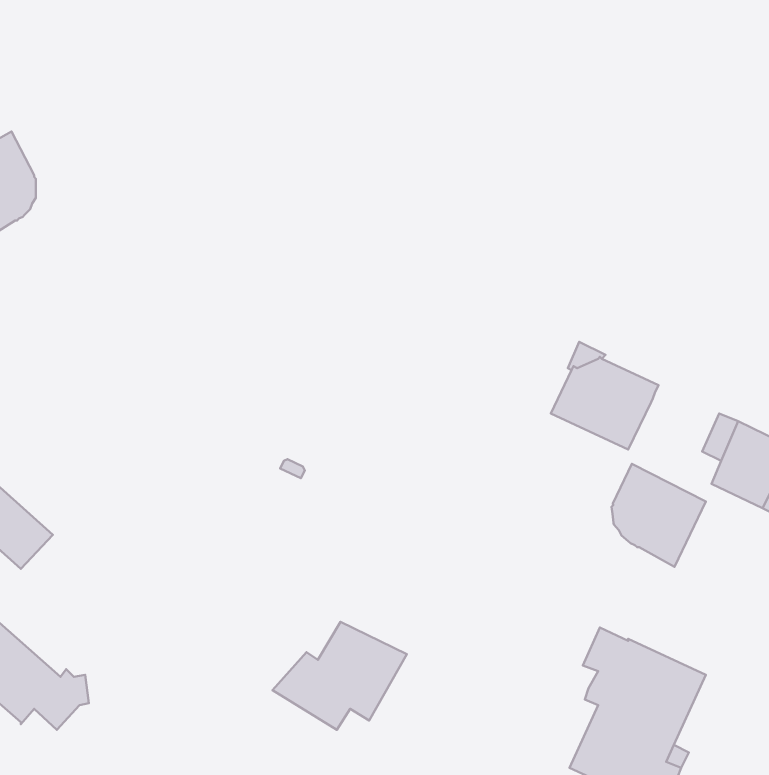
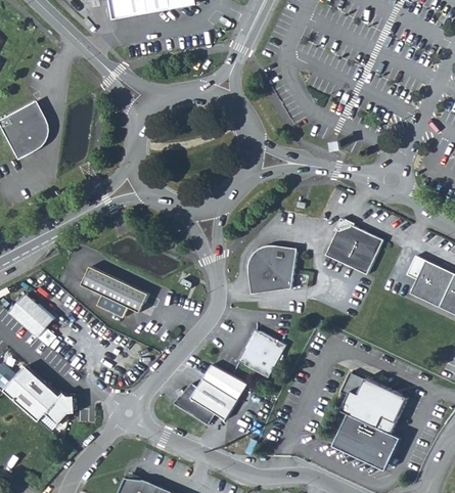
building: none -> [247,243,293,288]
building: none -> [80,266,146,317]
building: [611,464,706,567] -> none
building: none -> [239,329,285,376]

